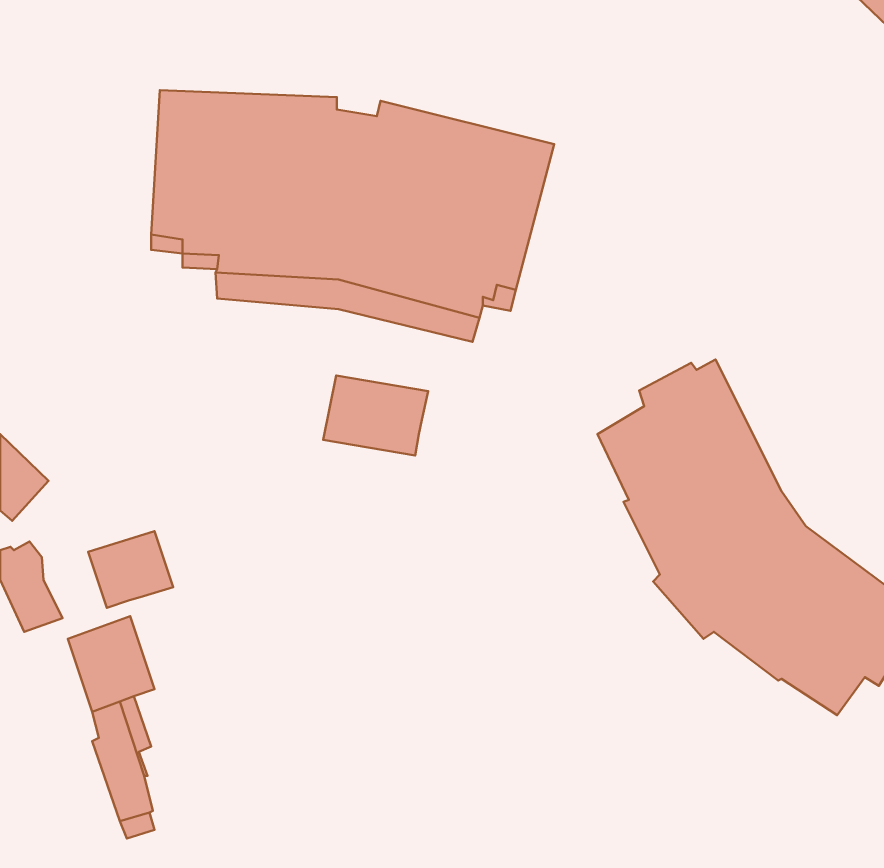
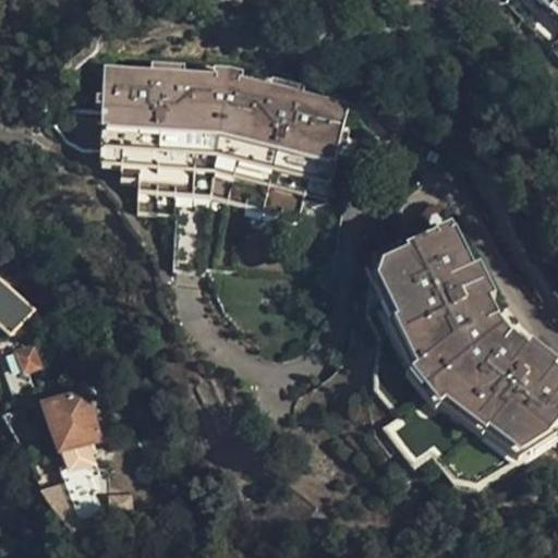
building: [323,375,428,456] -> none
building: [88,531,173,608] -> none

